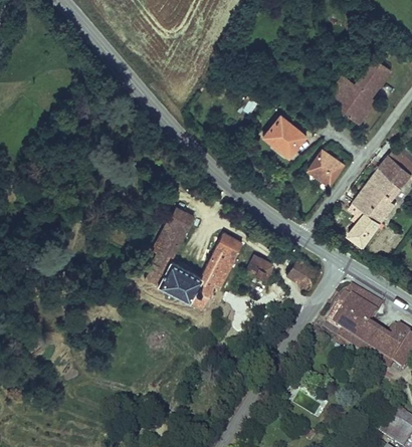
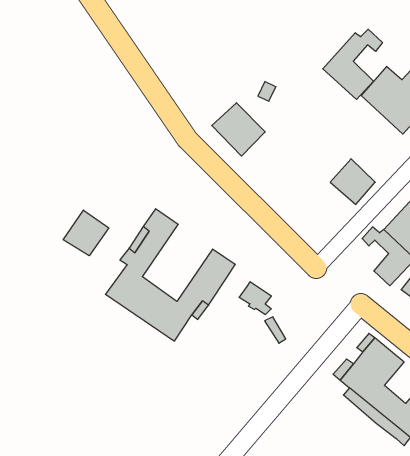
building: none -> [323,29,382,99]
building: [263,115,305,156] -> [212,103,265,156]
building: none -> [63,210,109,256]
building: [287,256,318,285] -> none

